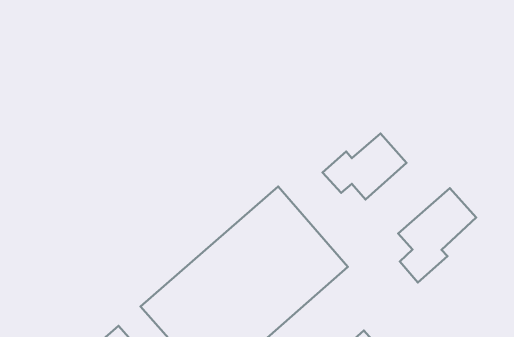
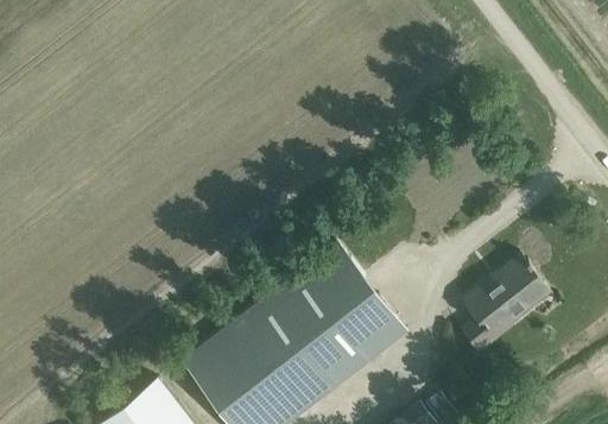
building: [323,134,406,200] -> none

